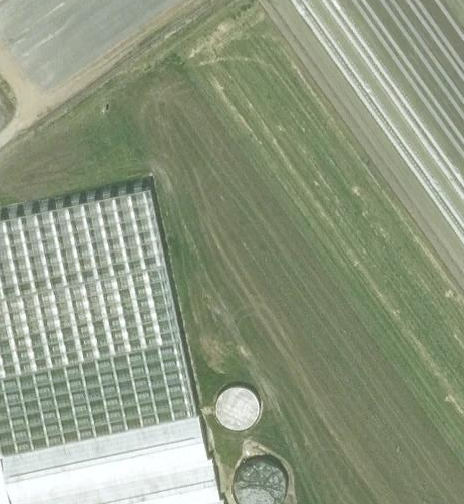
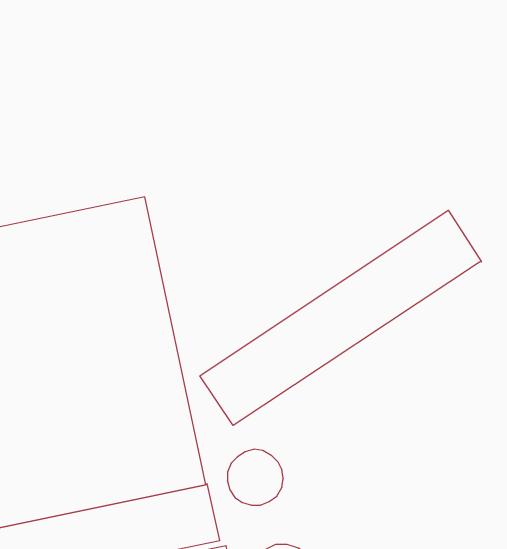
building: none -> [200,210,481,425]

